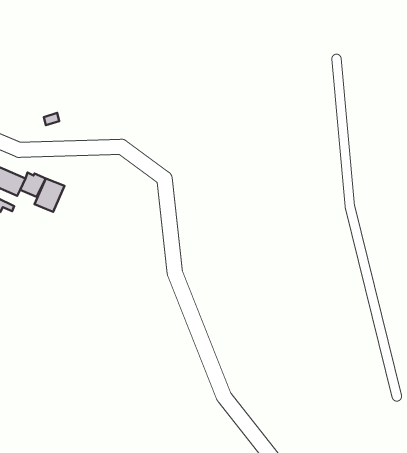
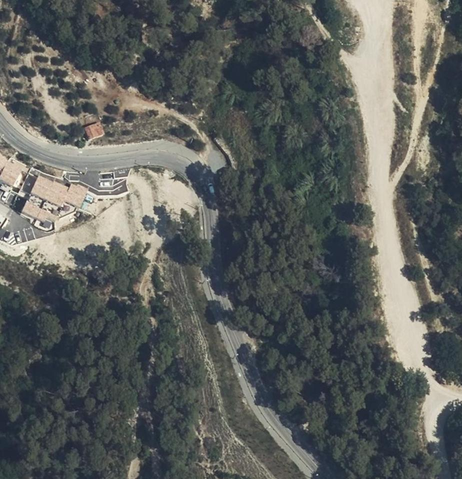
building: [35,178,64,212] -> none

